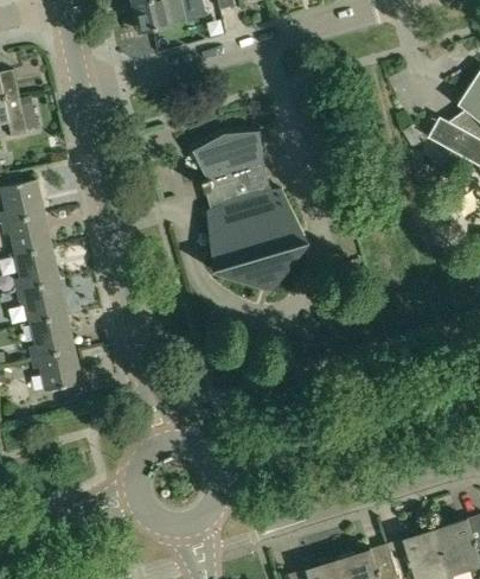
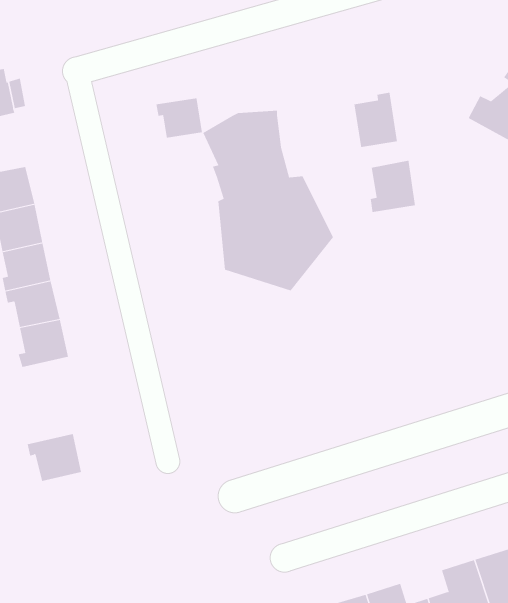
building: none -> [354,92,397,148]
building: none -> [156,97,203,139]
building: none -> [370,160,416,213]
building: [33,349,82,392] -> [27,433,82,482]

